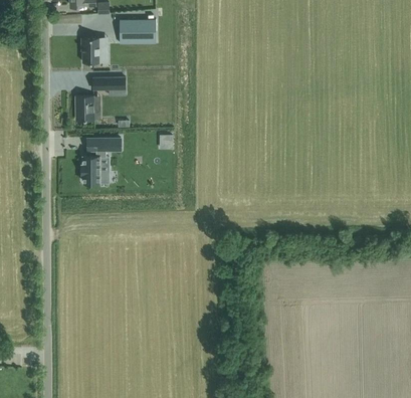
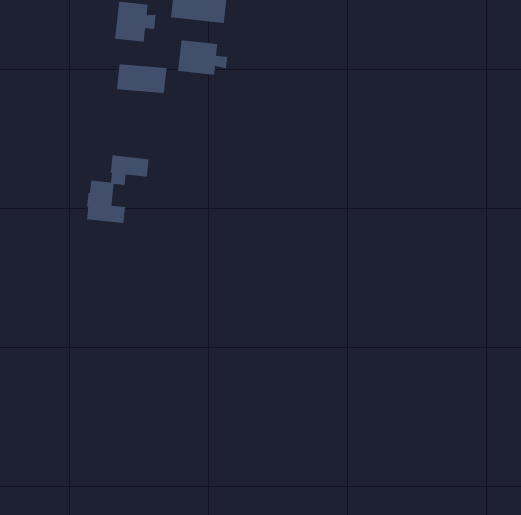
building: none -> [178,40,228,76]
building: [74,93,93,118] -> none

